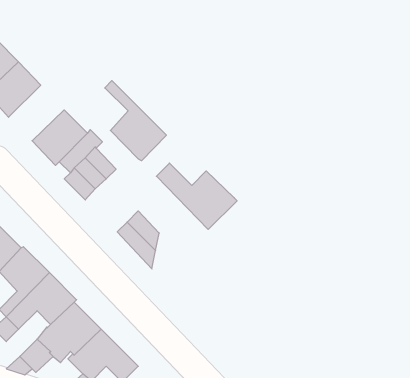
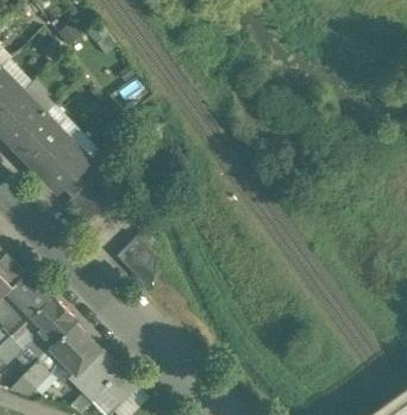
building: [105,81,166,161] -> none
building: none -> [11,112,64,166]
building: [156,163,237,229] -> none

